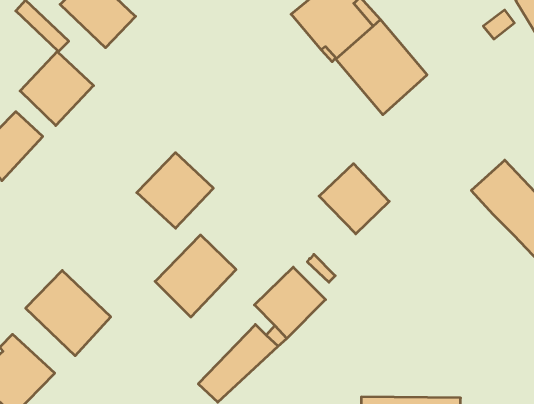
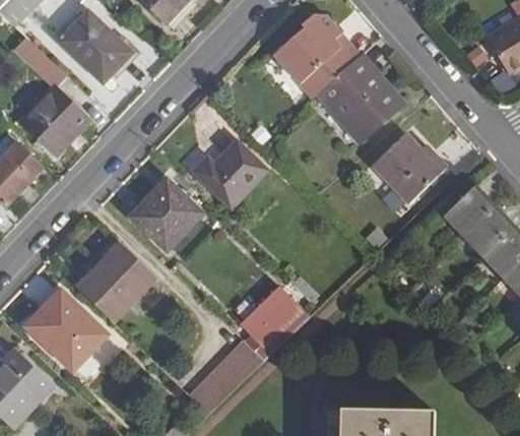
building: none -> [193,140,267,206]
building: [319,164,389,234] -> [374,135,440,201]
building: [155,235,236,317] -> [80,246,156,323]

